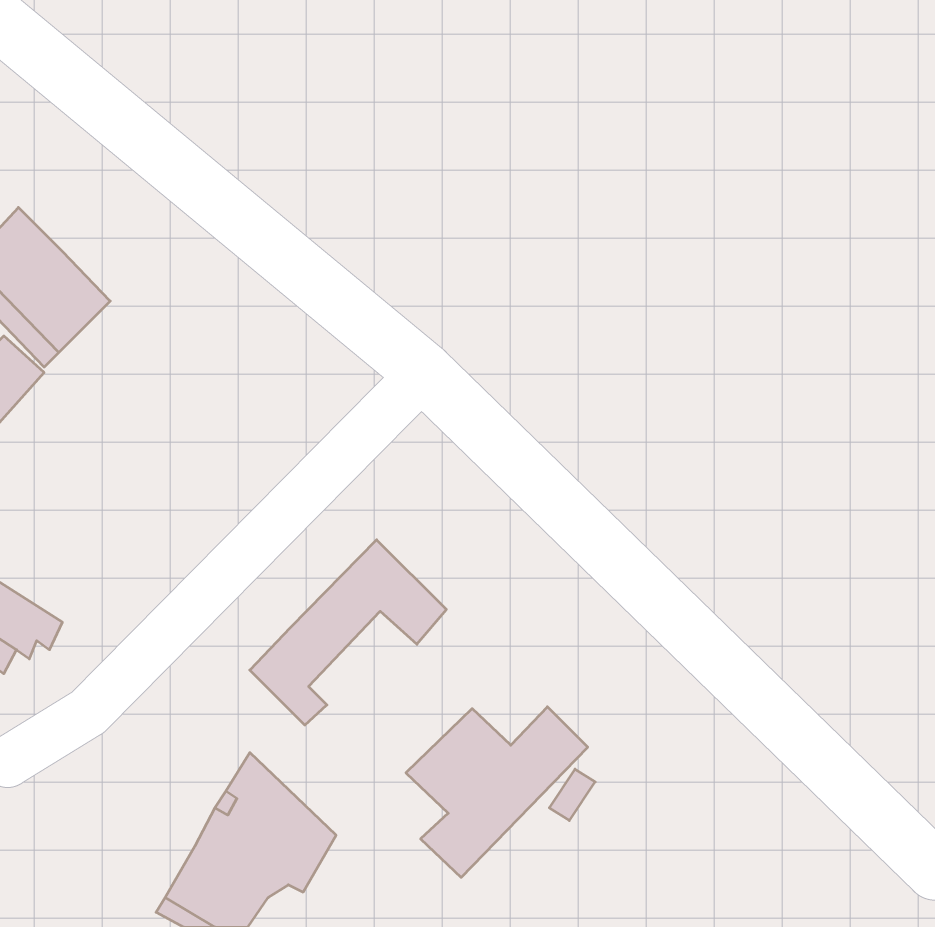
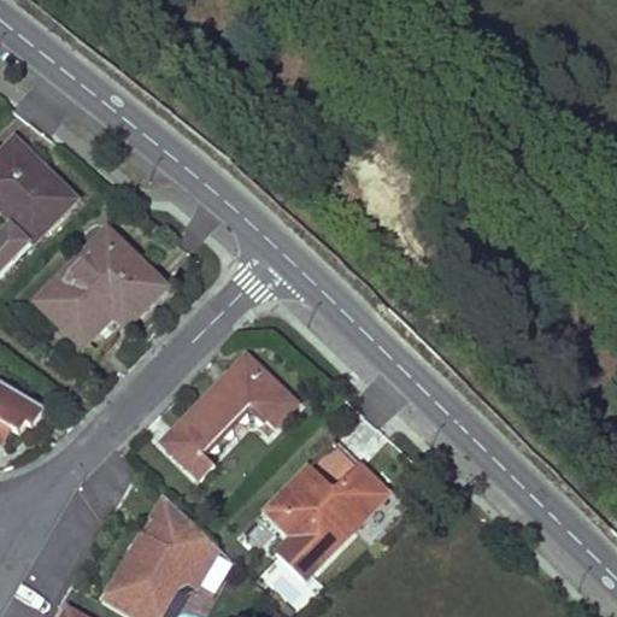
building: none -> [37,228,160,351]

